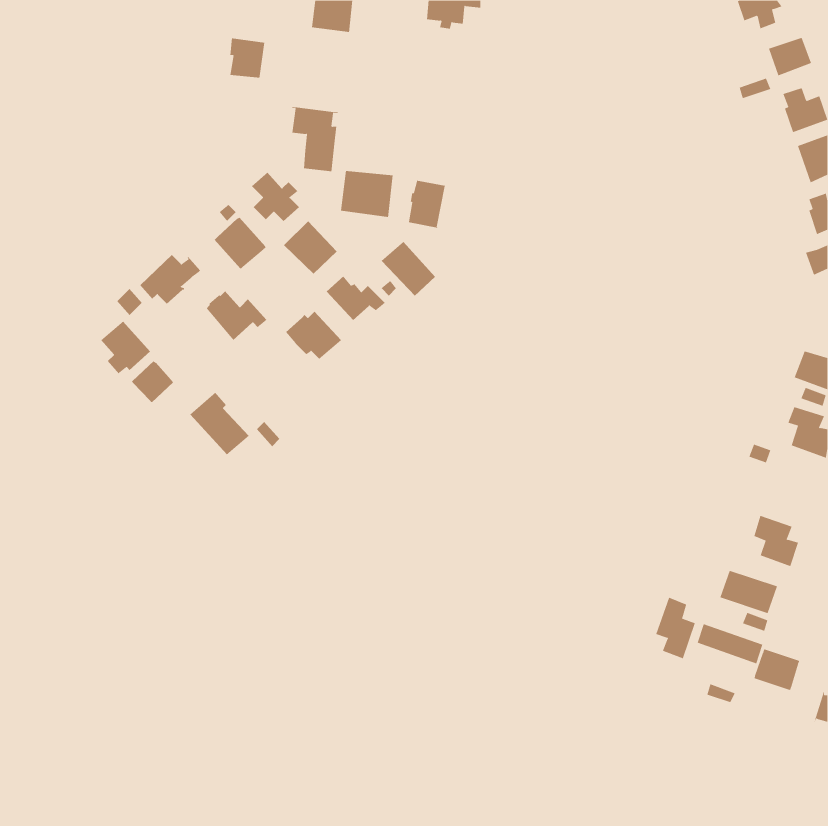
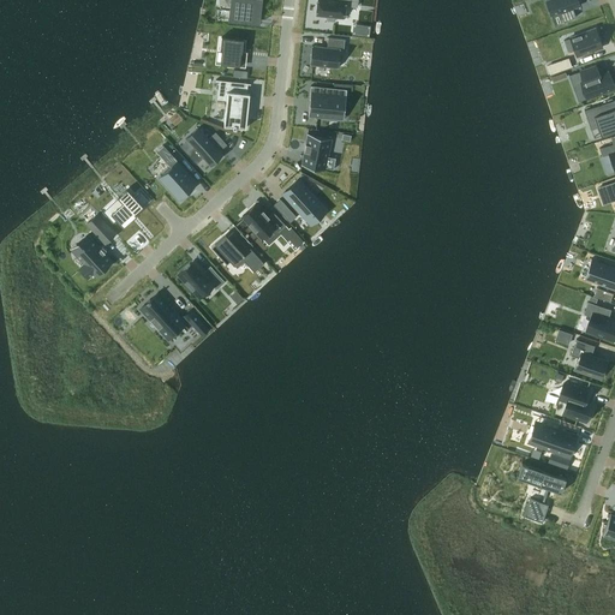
building: [230,38,265,78] -> [220,37,246,67]
building: none -> [310,38,345,68]
building: [340,170,394,217] -> [308,86,347,121]
building: [283,220,338,274] -> none
building: [206,291,267,341] -> [179,261,225,298]
building: [130,361,174,403] -> none
building: none -> [571,340,607,378]
building: [655,597,696,659] -> none
building: [754,649,800,692] -> none

